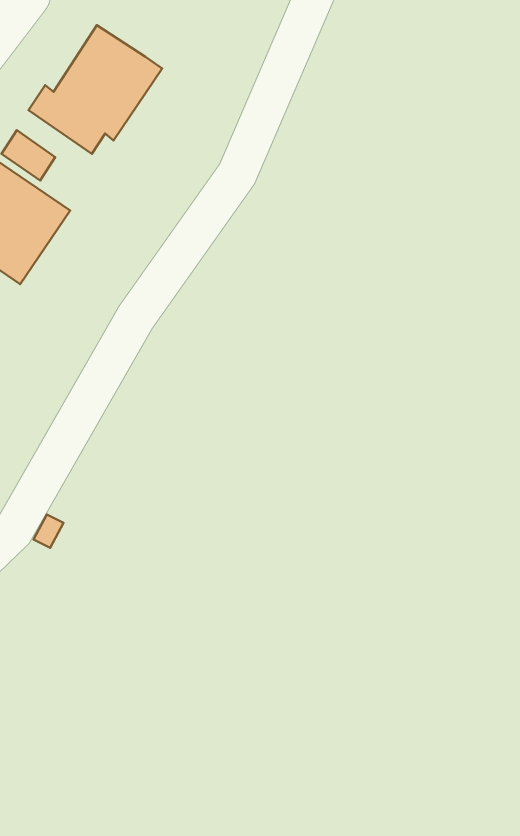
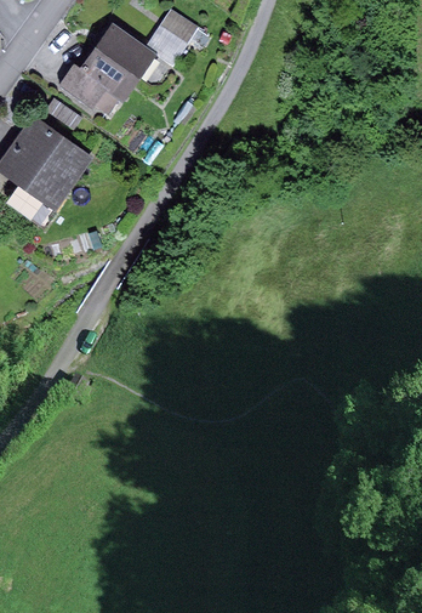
building: none -> [147,7,199,62]

